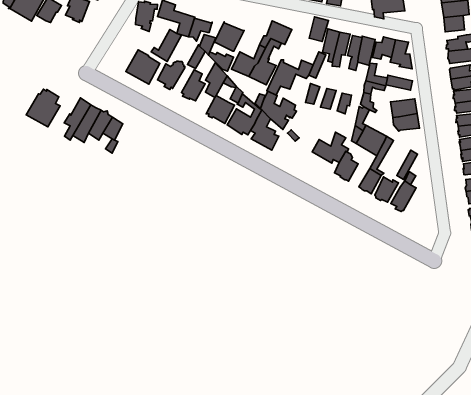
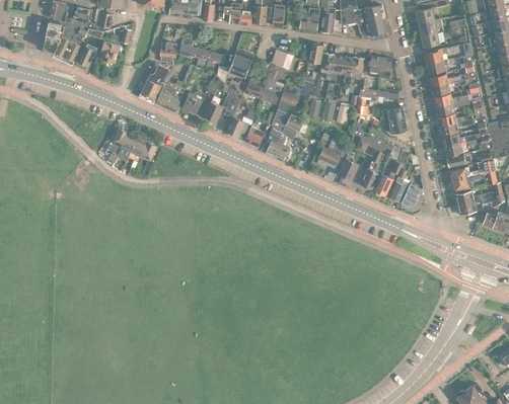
building: none -> [140,63,169,99]
building: [26,89,60,127] -> none
building: none -> [402,182,426,211]

